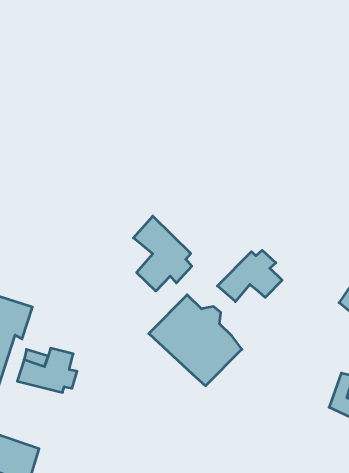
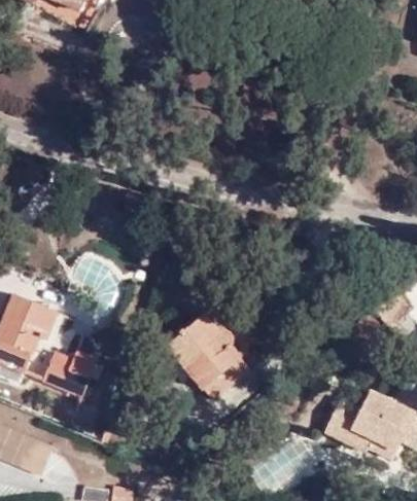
building: [133,216,192,291] -> none
building: [217,250,282,302] -> none

